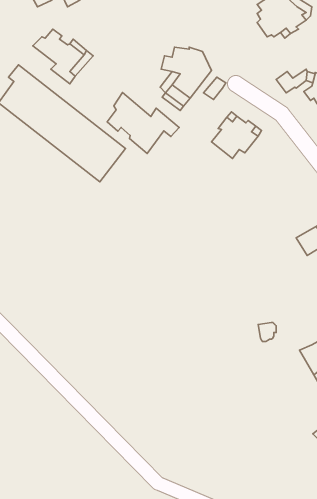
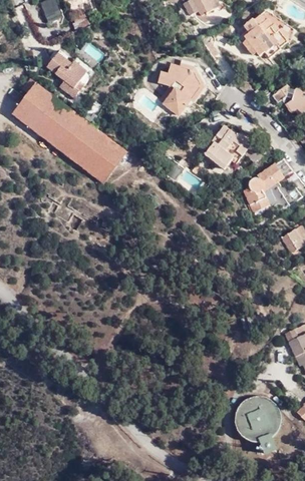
building: [107,92,179,153] -> none
building: none -> [241,159,292,220]
building: none -> [236,396,282,444]

